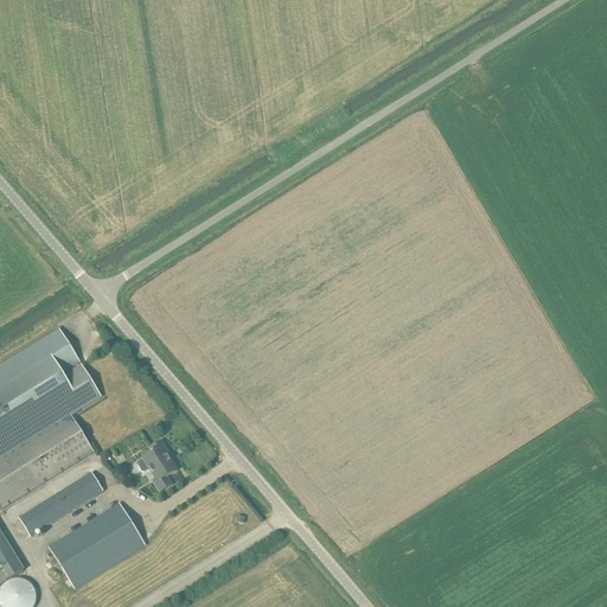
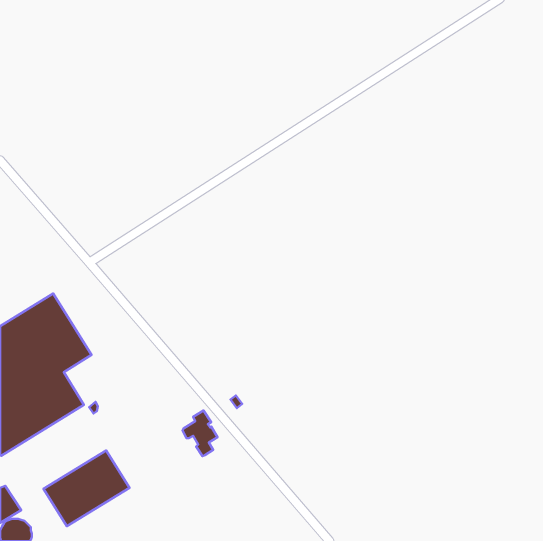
building: [138,440,177,491] -> [182,410,217,456]
building: [19,471,103,535] -> none

